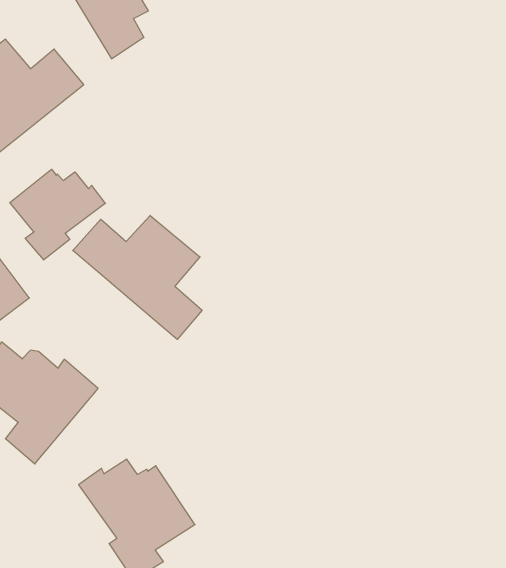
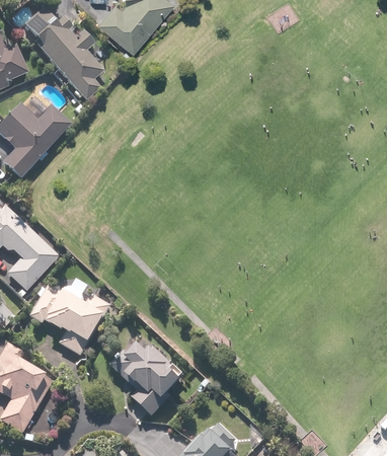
building: [10,169,105,260] -> none
building: [73,215,202,339] -> none

